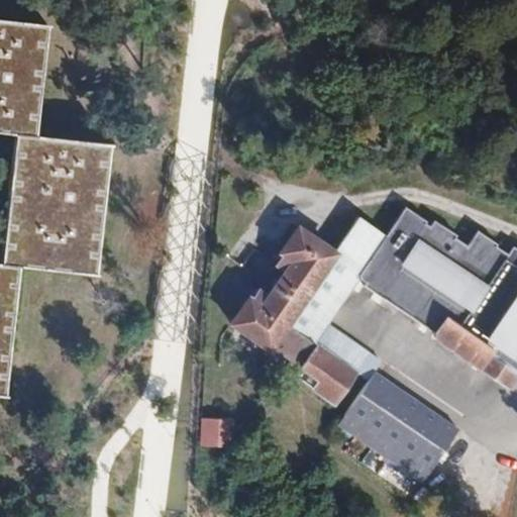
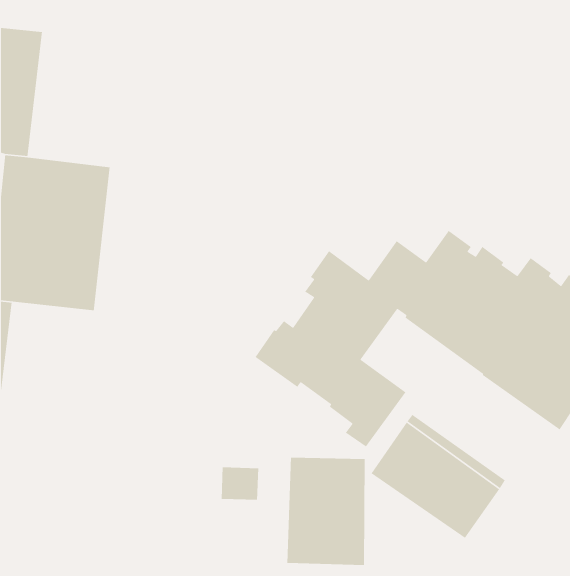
building: none -> [287,457,365,566]

